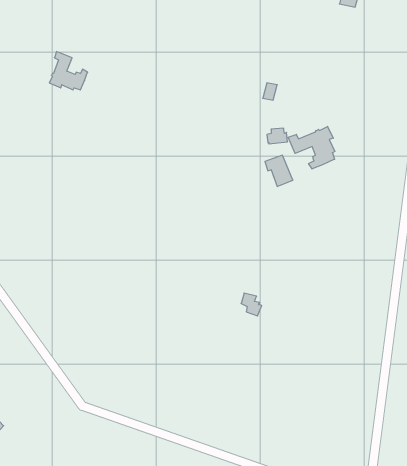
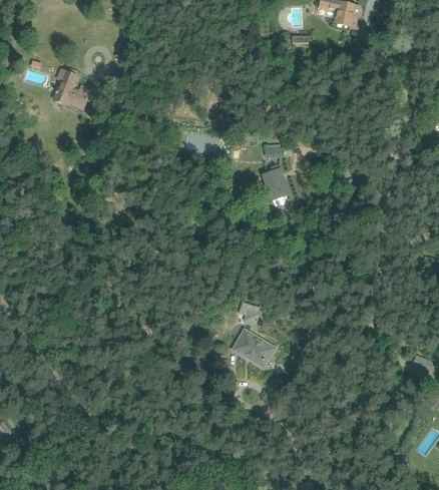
building: [288,126,335,169] -> none
building: none -> [234,331,275,367]

